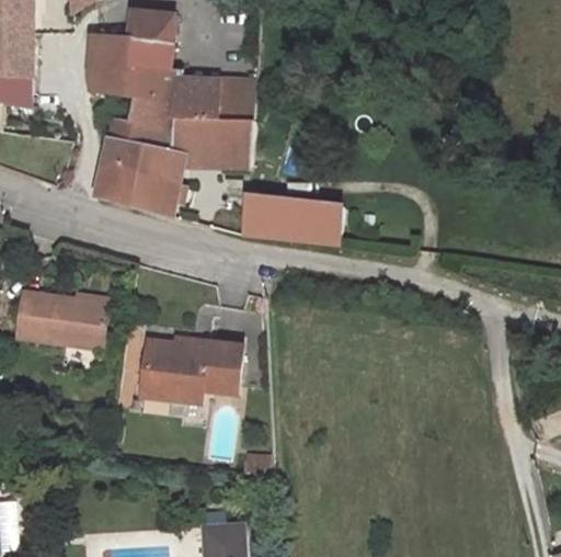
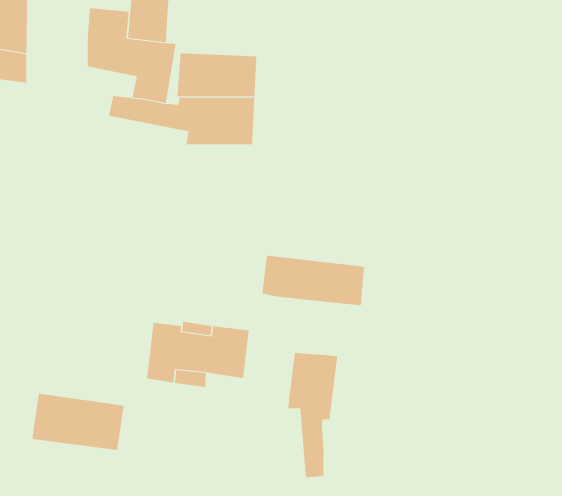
building: [92,137,184,215] -> none
building: [241,194,342,243] -> [262,255,365,306]
building: [16,293,107,349] -> [32,393,125,451]
building: none -> [288,352,338,478]

